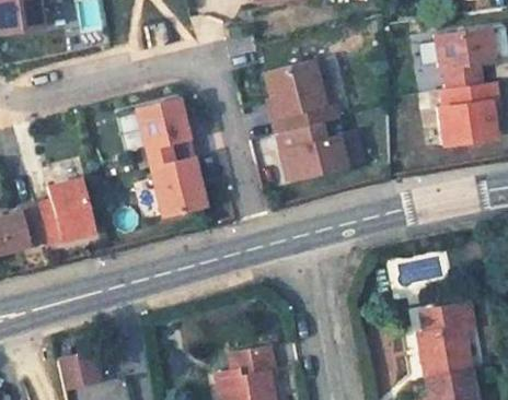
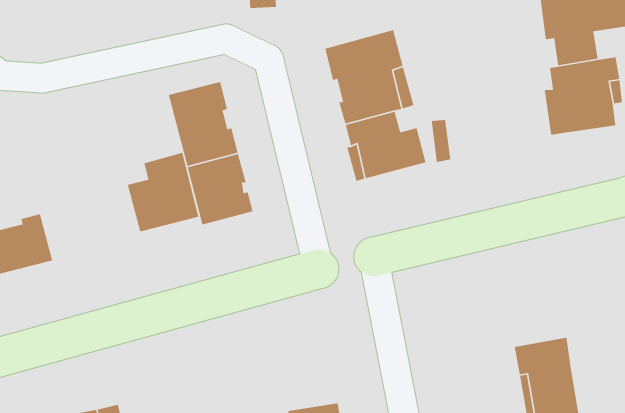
building: [35,179,93,244] -> [127,152,199,232]

